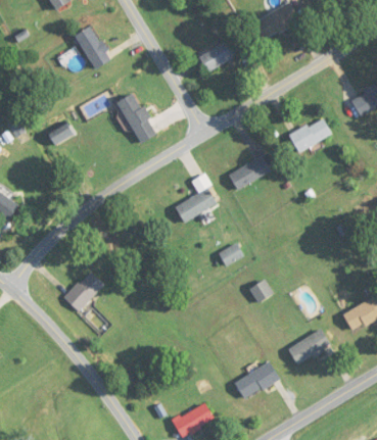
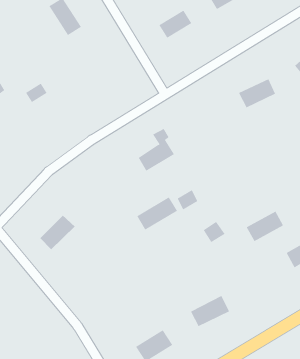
building: [117,92,156,143] -> none
building: [227,155,271,189] -> none
building: none -> [136,197,178,230]
building: [287,330,330,364] -> [246,211,284,242]

